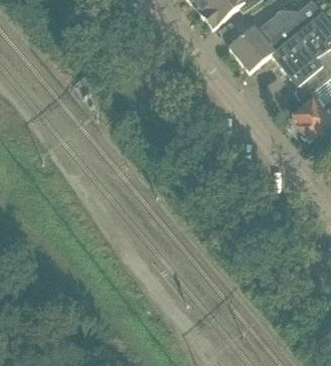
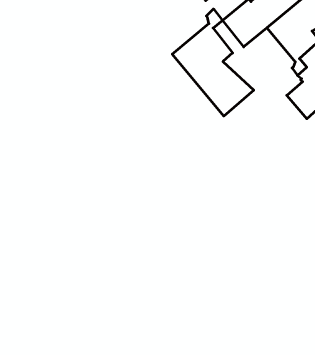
building: none -> [172,9,254,116]

